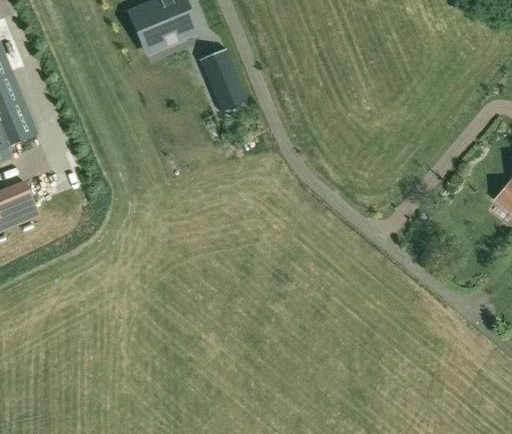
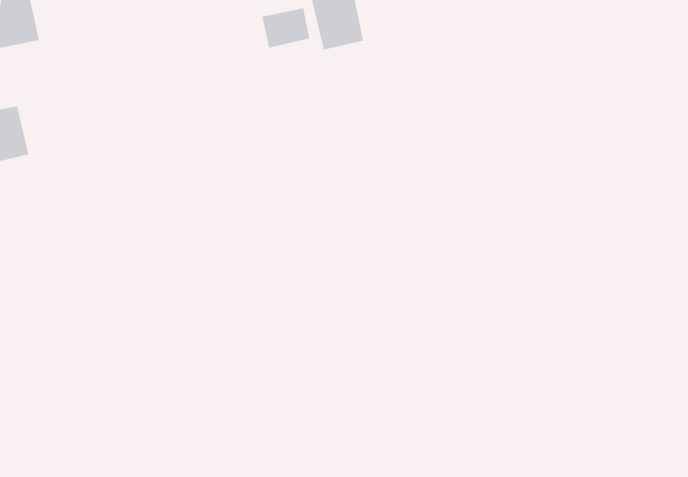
building: none -> [262,8,310,48]

